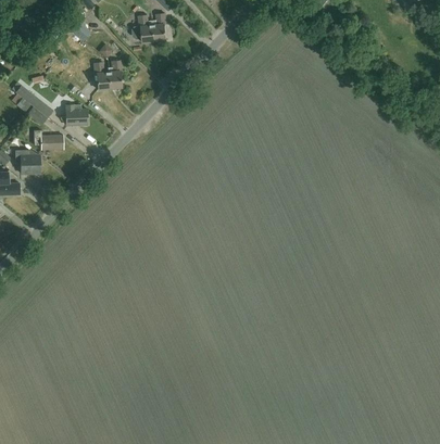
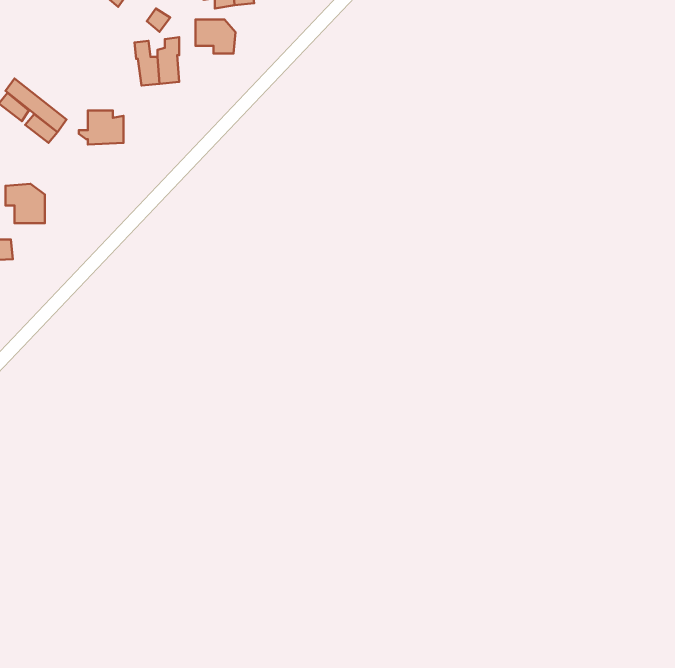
building: none -> [196,20,235,54]
building: [34,129,63,149] -> none

